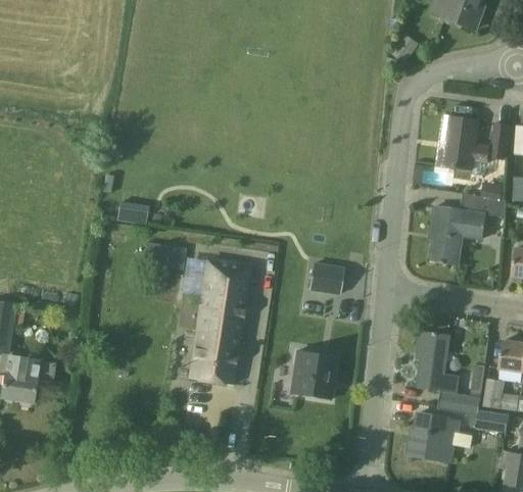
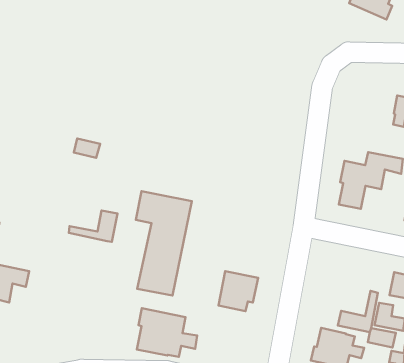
building: [437,116,488,174] -> none
building: [310,262,343,293] -> none
building: none -> [69,210,118,242]
building: [418,332,458,390] -> none
building: none -> [137,308,197,357]

